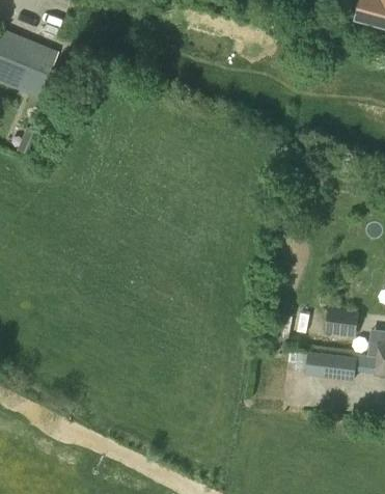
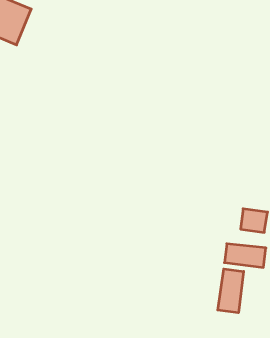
building: none -> [218,269,244,313]

